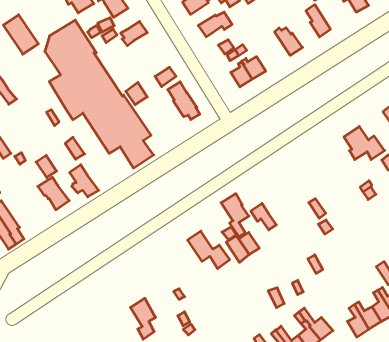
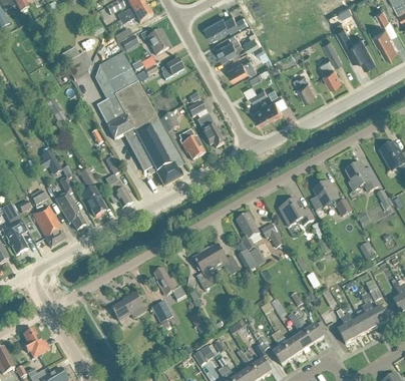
building: none -> [179,128,204,158]
building: none -> [310,180,351,215]
building: none -> [55,176,85,229]
building: none -> [283,199,314,226]
building: none -> [193,250,217,290]
building: none -> [154,268,186,300]
building: none -> [112,292,146,320]

